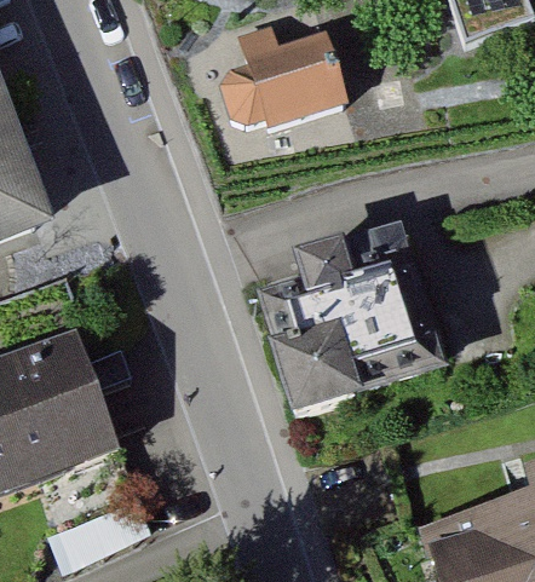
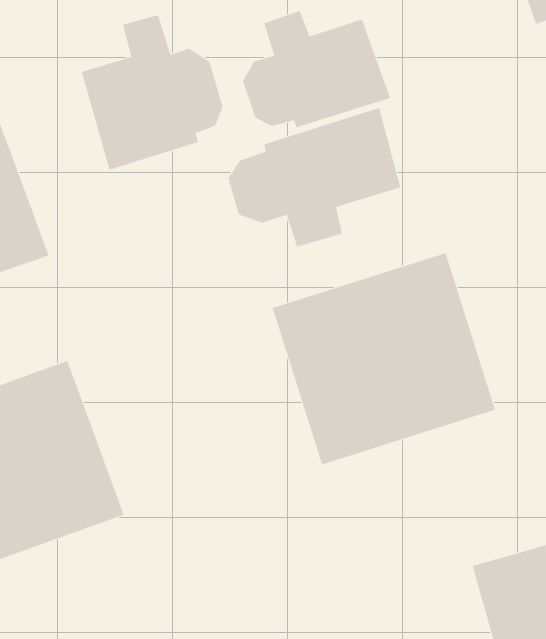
building: none -> [81,14,223,171]
building: none -> [228,107,401,247]

